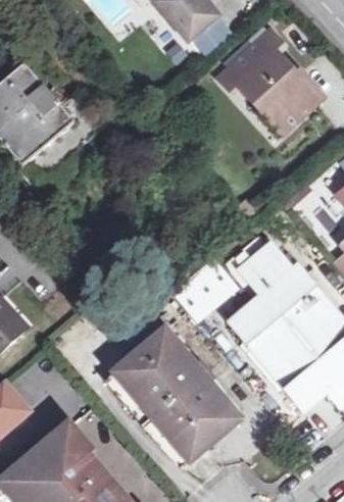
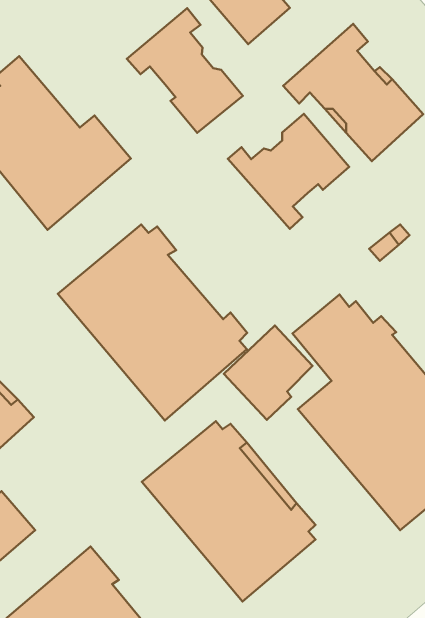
building: none -> [127,8,243,133]
building: none -> [228,114,349,229]
building: none -> [58,224,247,420]

